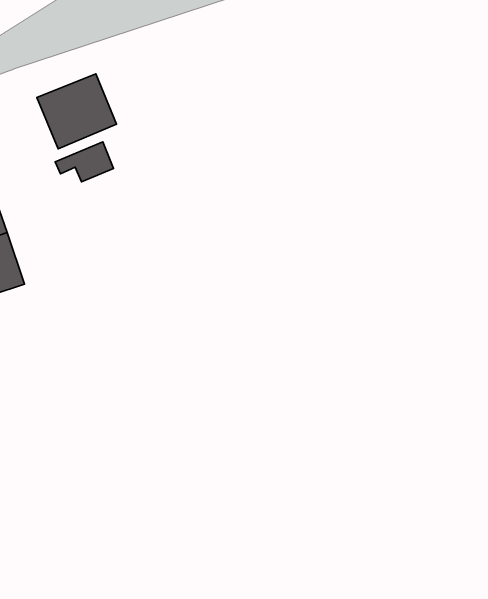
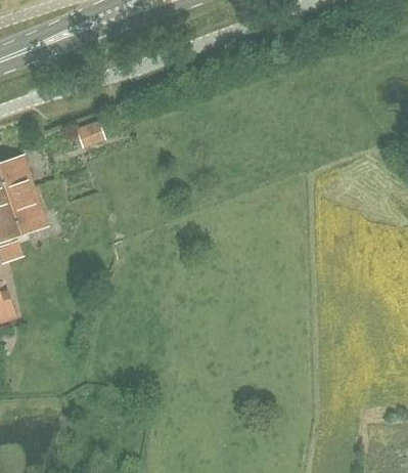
building: [37,74,116,149] -> none

